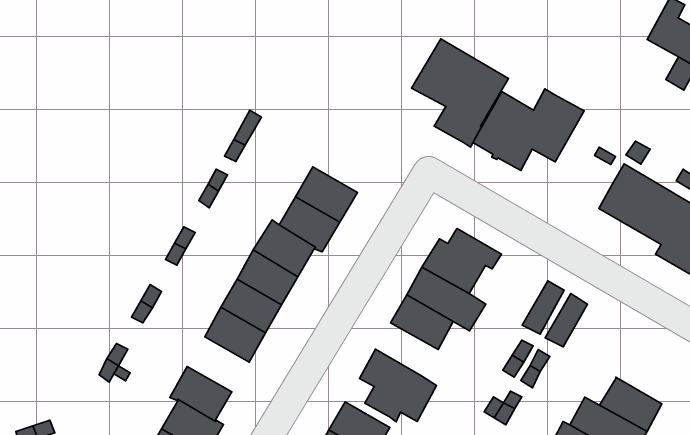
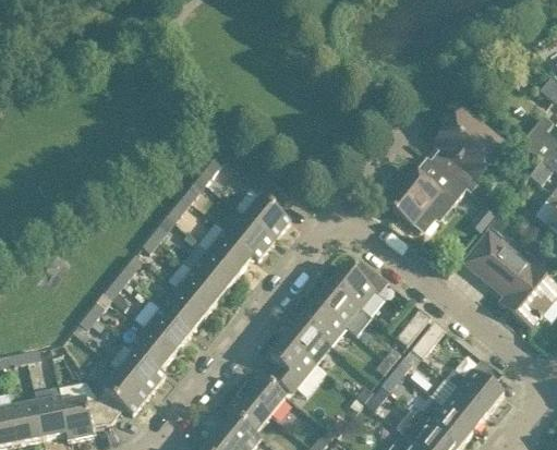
building: [411,39,508,147] -> [434,110,506,193]
building: none -> [284,320,330,363]
building: none -> [145,308,191,352]
building: none -> [445,368,502,412]

